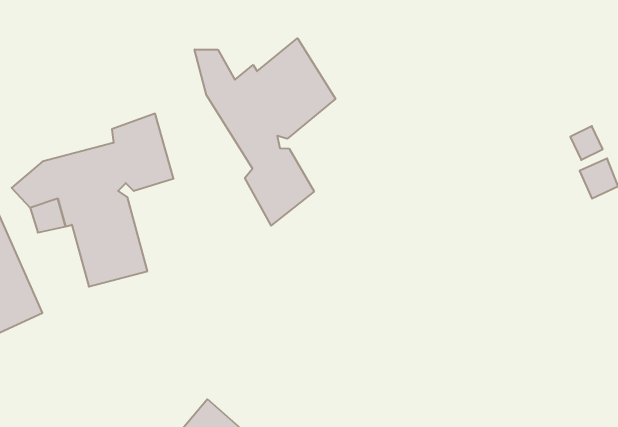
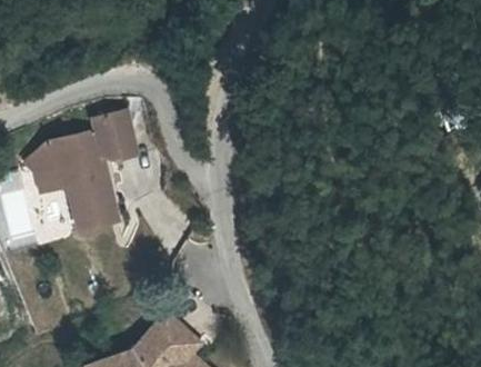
building: [195,38,335,226] -> none

